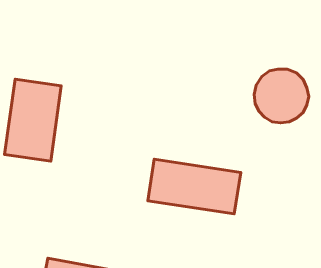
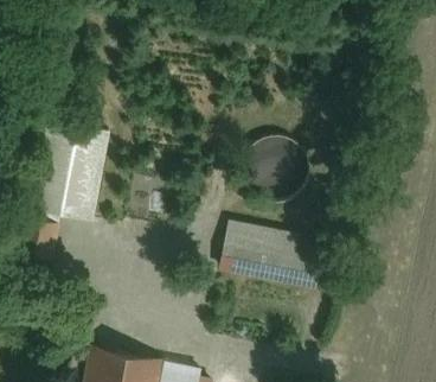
building: [254,69,309,123] -> [238,136,307,204]

